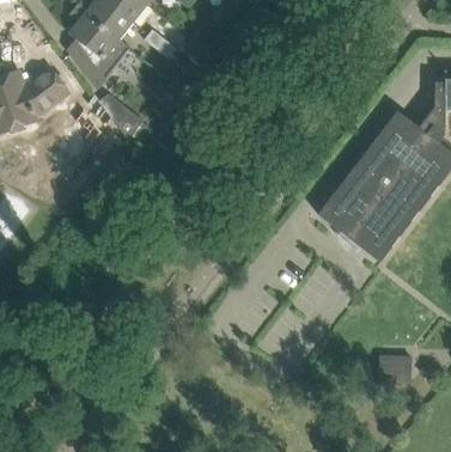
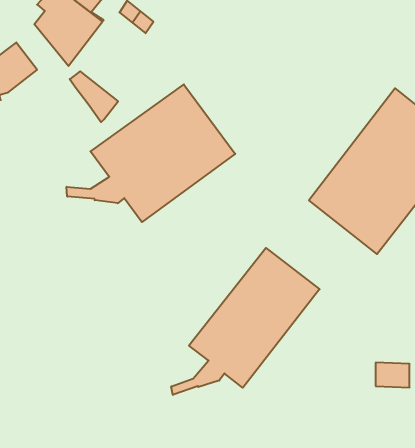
building: none -> [67,84,235,222]
building: none -> [171,248,320,395]

